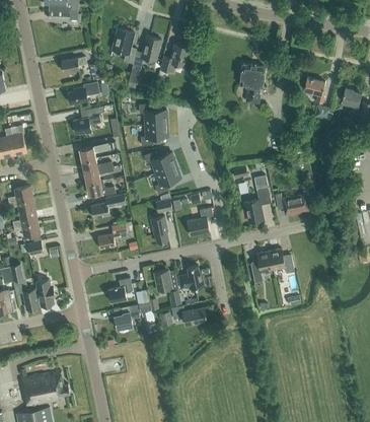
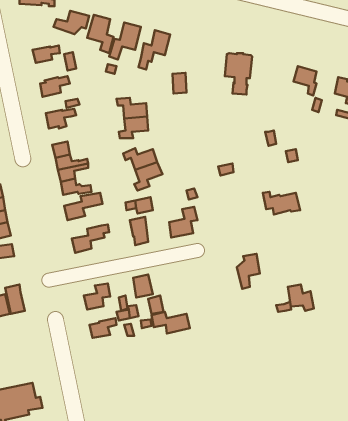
building: none -> [54,11,89,34]
building: [244,174,272,222] -> none
building: [269,249,293,273] -> [288,285,314,311]
building: [178,265,204,288] -> none

